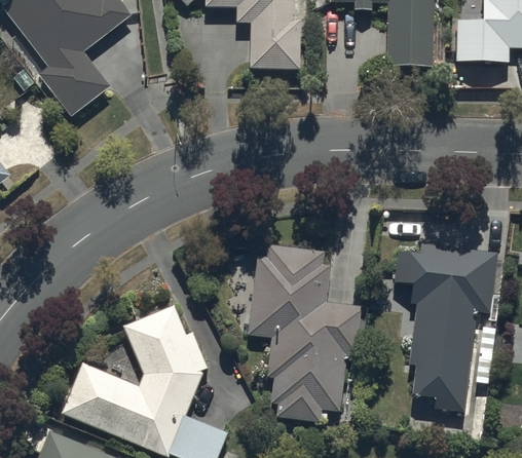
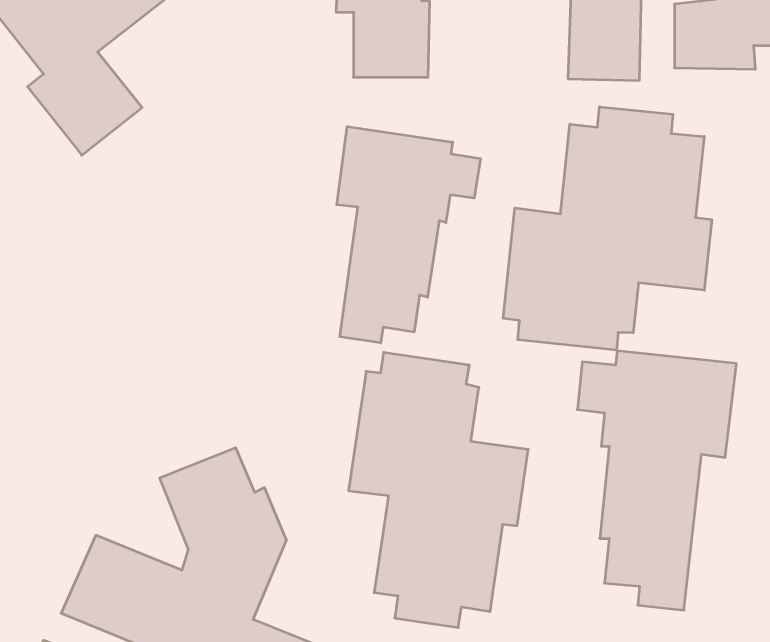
building: none -> [503,107,712,350]
building: none -> [337,127,480,343]

